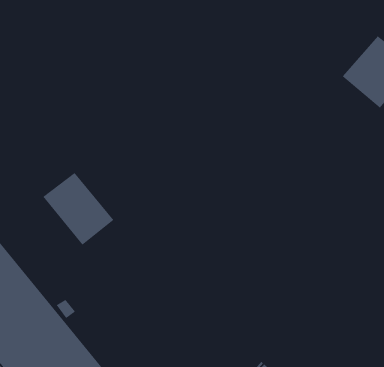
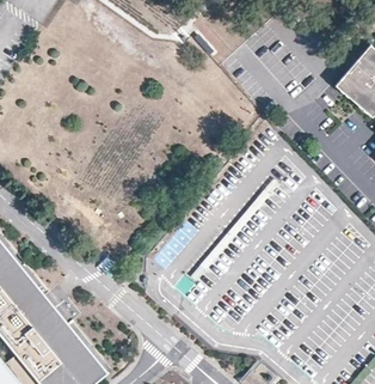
building: [42,172,114,245] -> none

